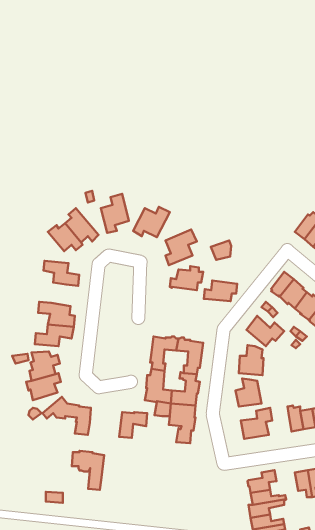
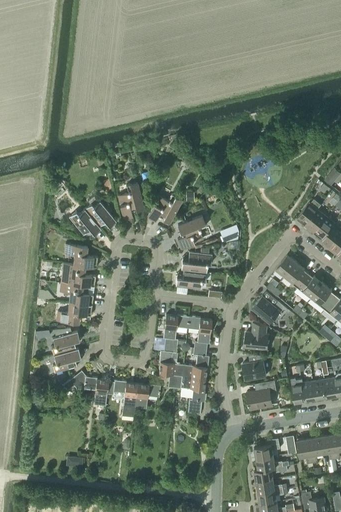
building: [204,281,237,301] -> [175,269,206,288]
building: none -> [60,264,95,287]
building: [72,451,104,490] -> [107,381,137,417]

